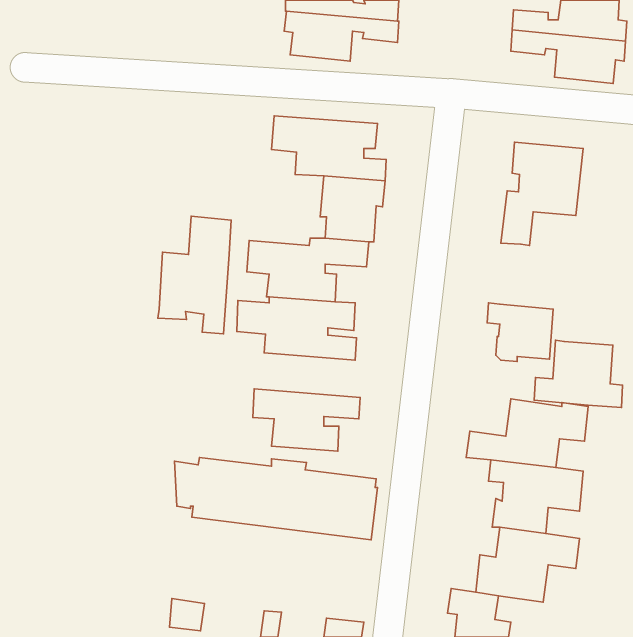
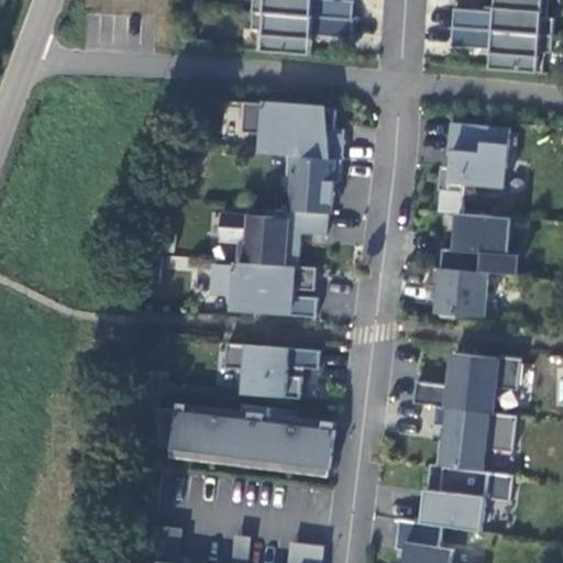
building: [158,216,231,334] -> none
building: [534,340,623,408] -> [441,216,519,275]

